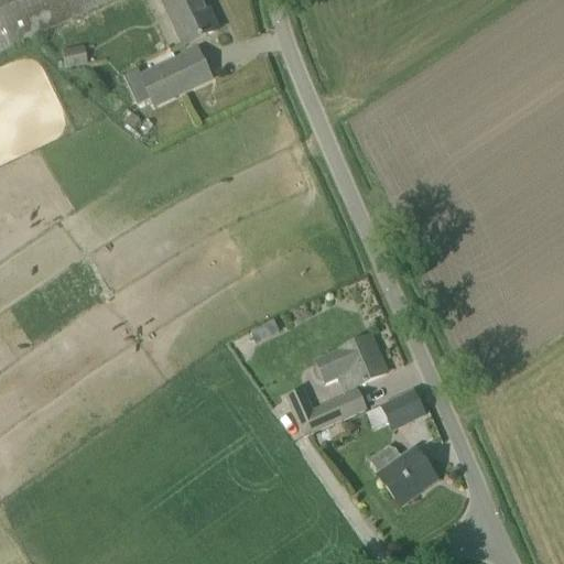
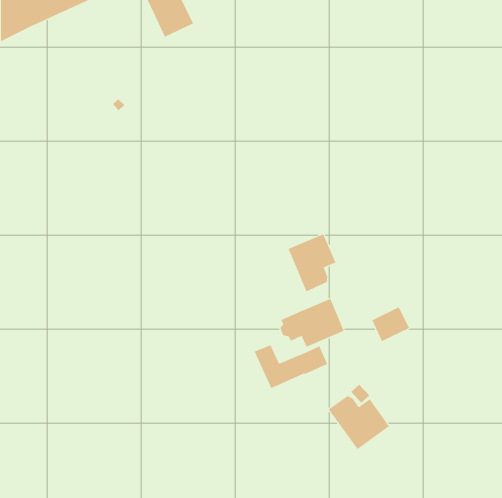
building: [124,45,213,102] -> none
building: none -> [288,233,336,292]
building: [382,388,425,427] -> [372,306,410,342]

